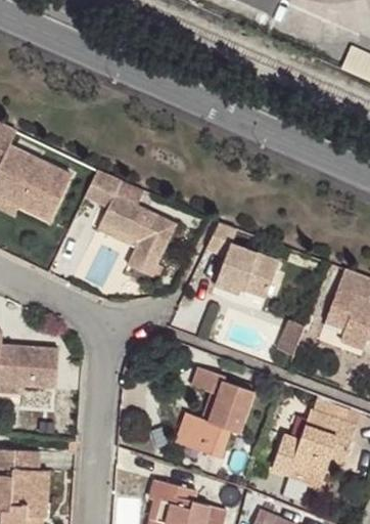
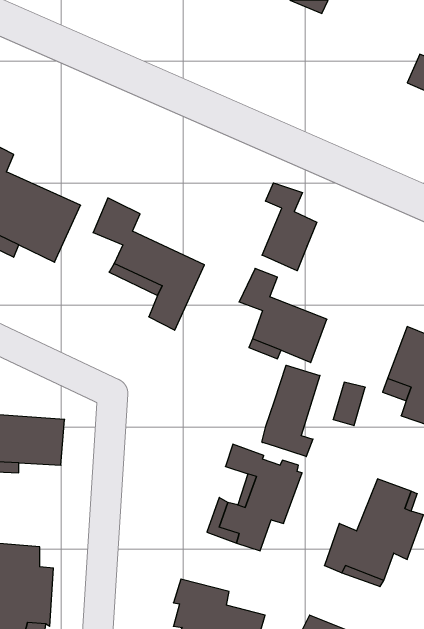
building: none -> [262,183,317,271]
building: none -> [262,365,320,457]

